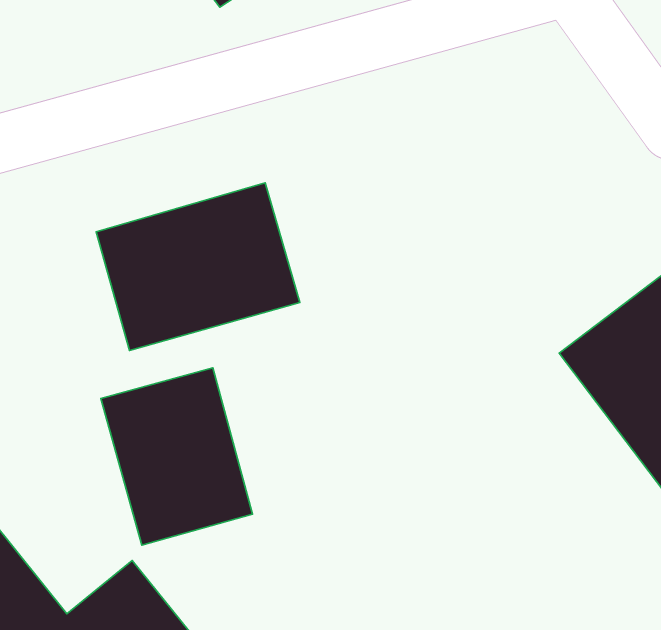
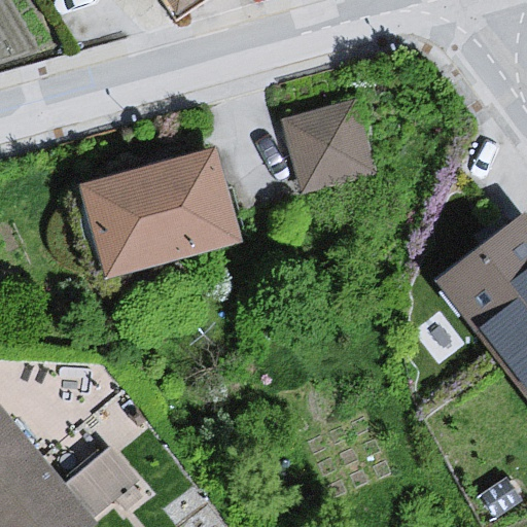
building: none -> [285,102,377,190]
building: [101,368,252,545] -> none

